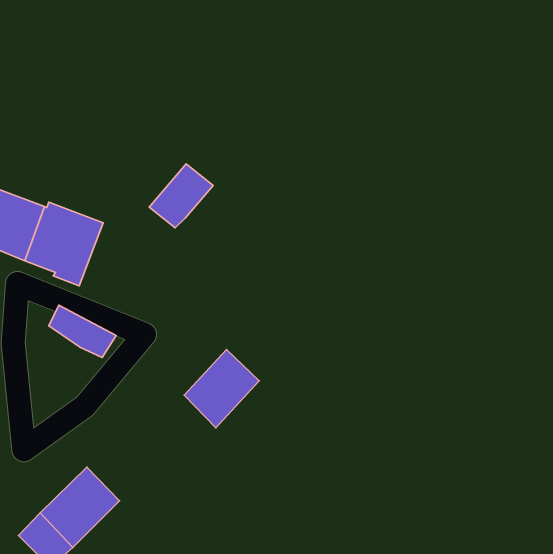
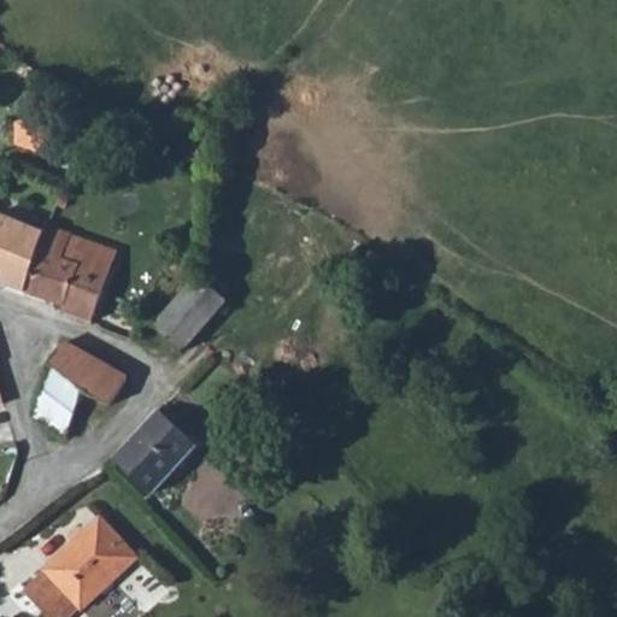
building: [149,164,213,228] -> [153,278,224,349]
building: none -> [31,363,87,435]
building: [184,349,259,428] -> [112,409,195,495]

